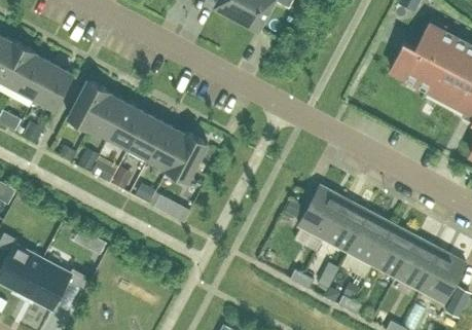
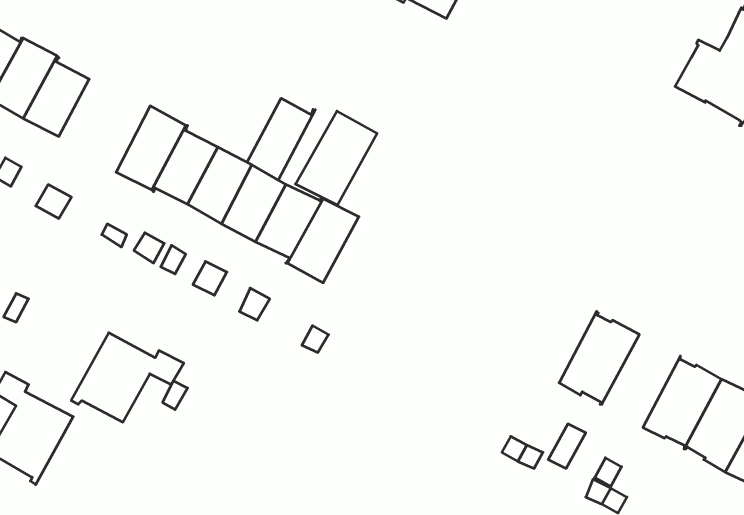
building: [35,65,73,108] -> none
building: none -> [247,98,315,180]
building: none -> [295,111,377,205]
building: [298,186,344,240] -> none
building: [348,212,393,265] -> none
building: [22,259,86,310] -> [71,333,184,422]

